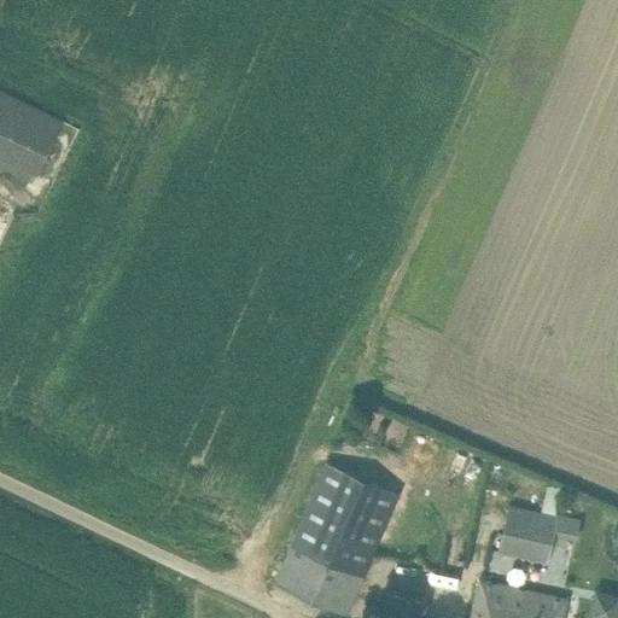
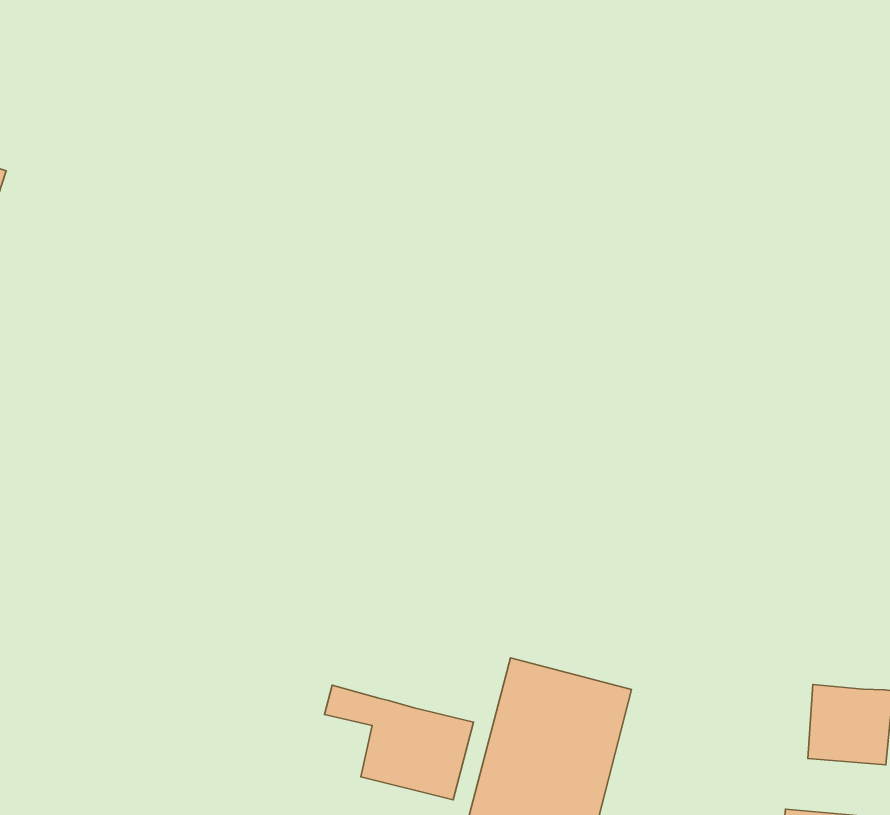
building: none -> [324,685,473,800]

